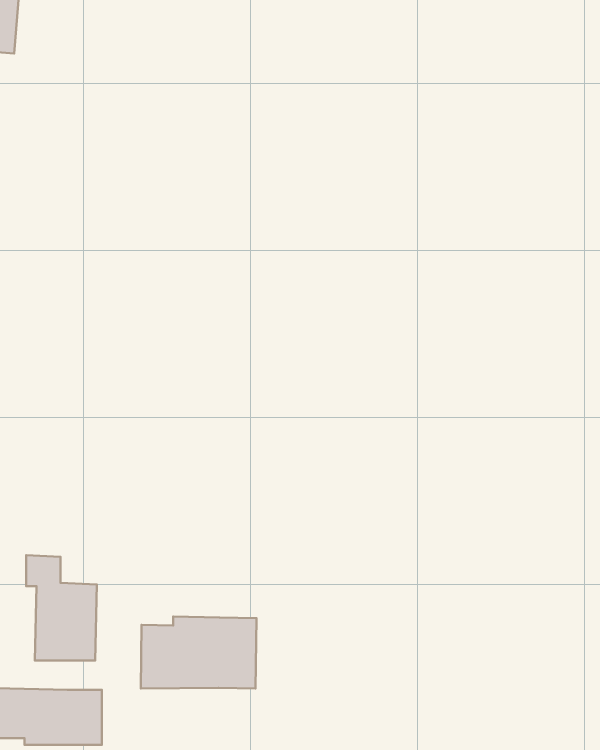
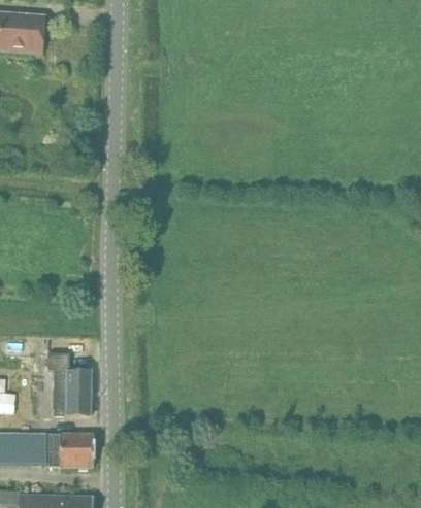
building: [141,617,257,688] -> none

